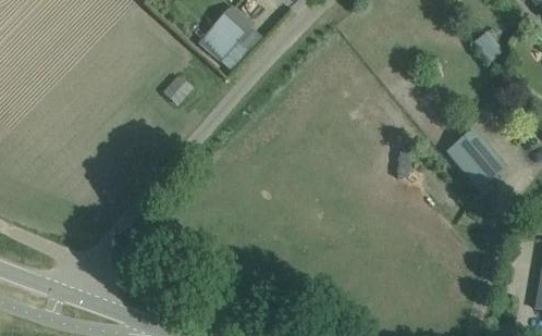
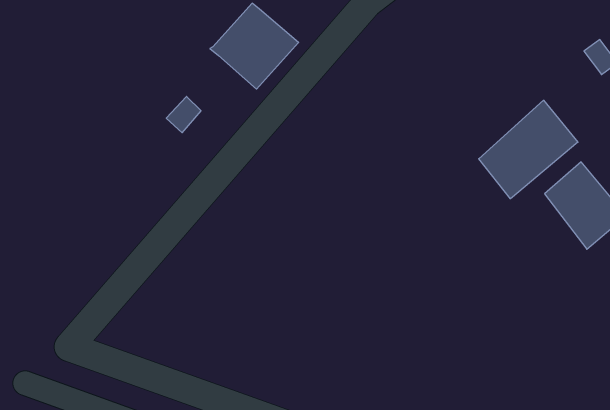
building: none -> [479,100,578,199]

